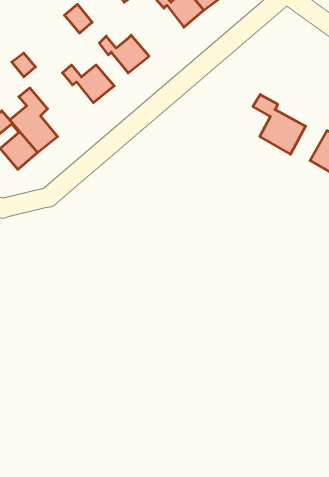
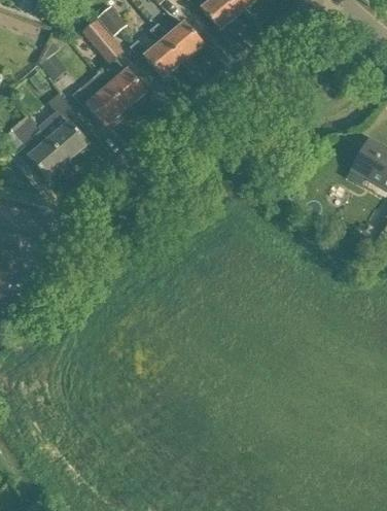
building: none -> [79,19,121,64]
building: none -> [151,21,204,60]
building: none -> [74,87,126,125]
building: [253,94,306,154] -> none

